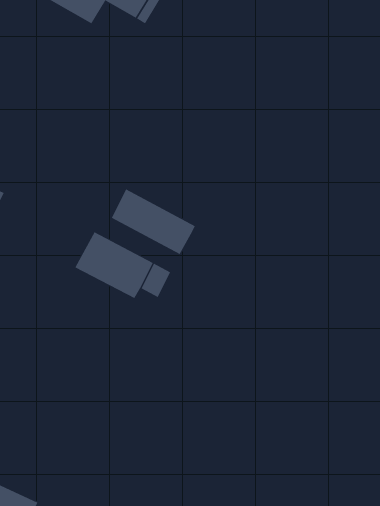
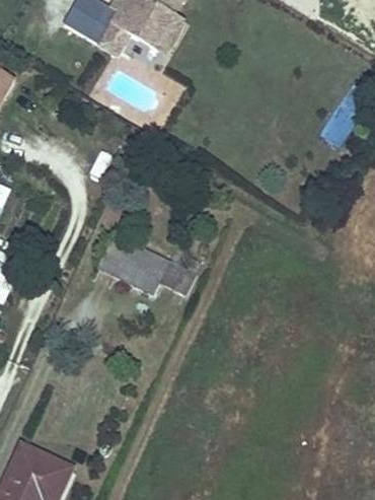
building: [111,189,196,255] -> none

